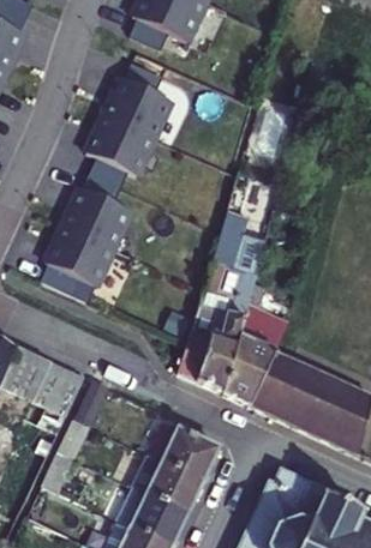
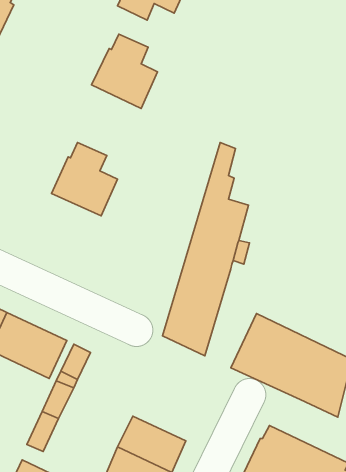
building: [85,118,154,189] -> none
building: [40,228,113,296] -> none
building: [219,305,281,405] -> none
building: [145,424,213,480] -> none

